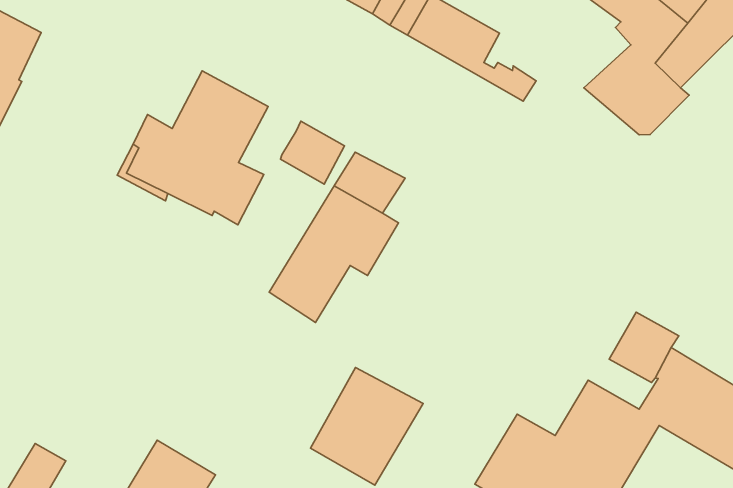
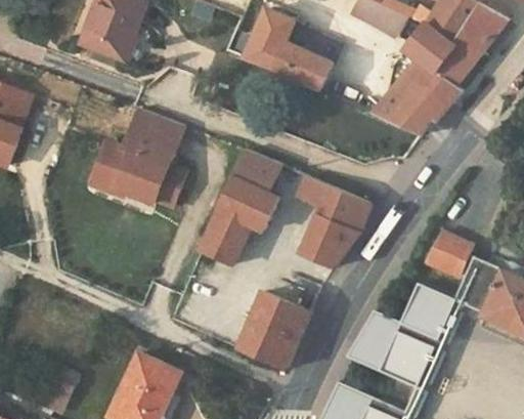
building: none -> [370,91,430,134]
building: [281,121,345,184] -> none
building: none -> [297,175,369,265]

